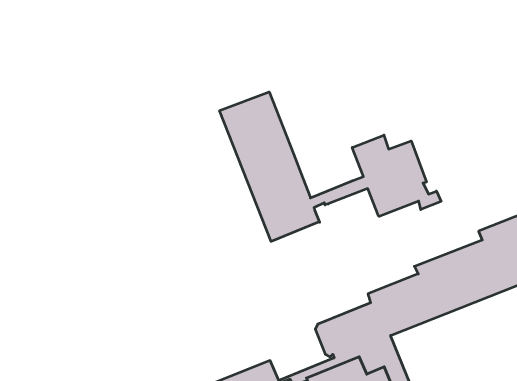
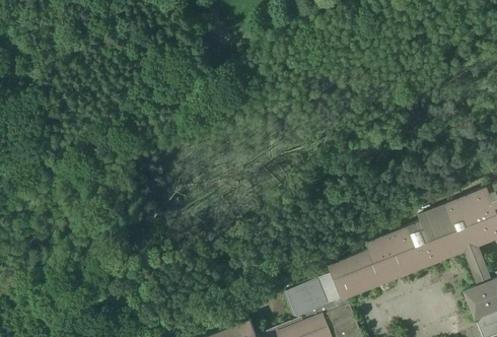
building: [220,92,441,241] -> none

